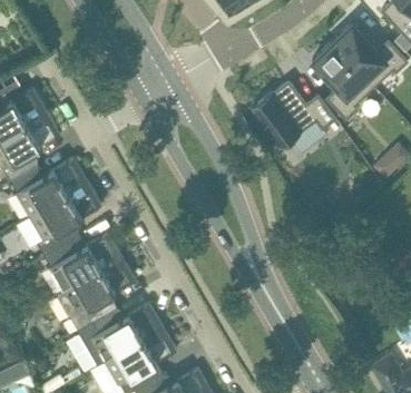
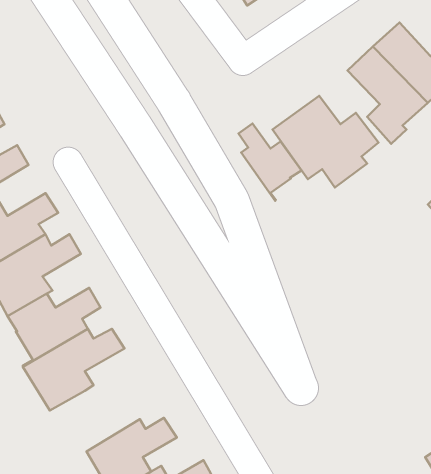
building: none -> [238,123,302,201]
building: [76,303,157,366] -> none

